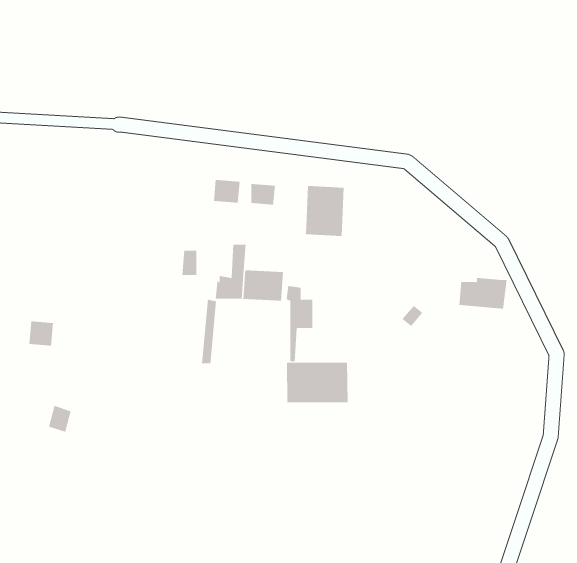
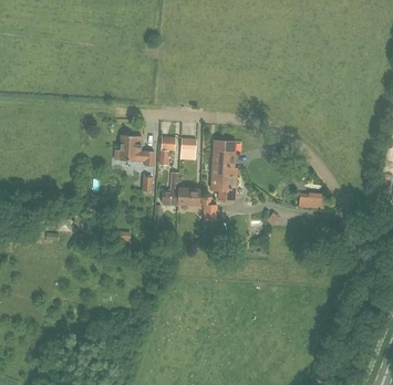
building: none -> [118,133,153,165]
building: none -> [210,167,236,200]
building: [286,362,348,403] -> none

